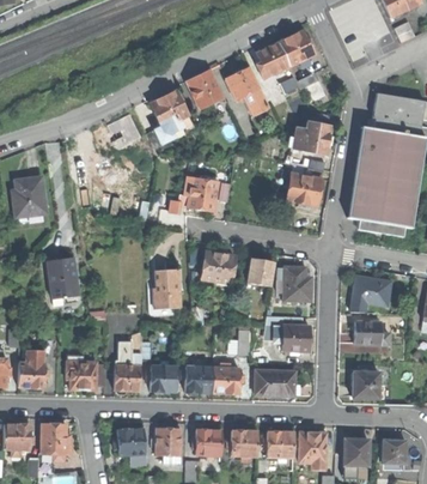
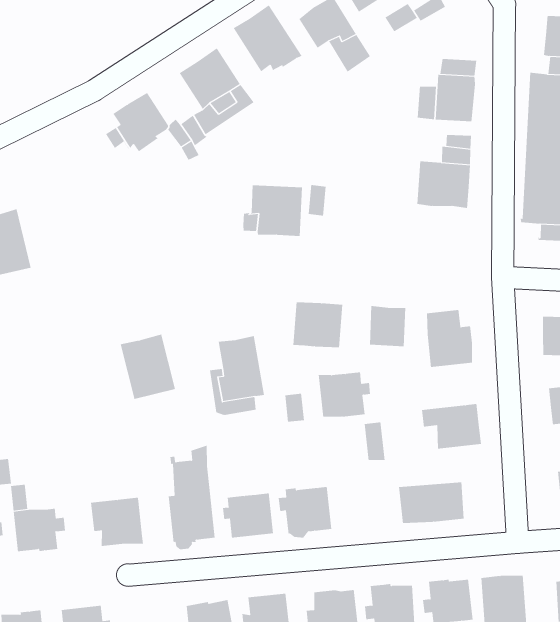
building: [48,258,79,296] -> [120,334,176,400]
building: [213,367,244,394] -> [318,372,371,417]

